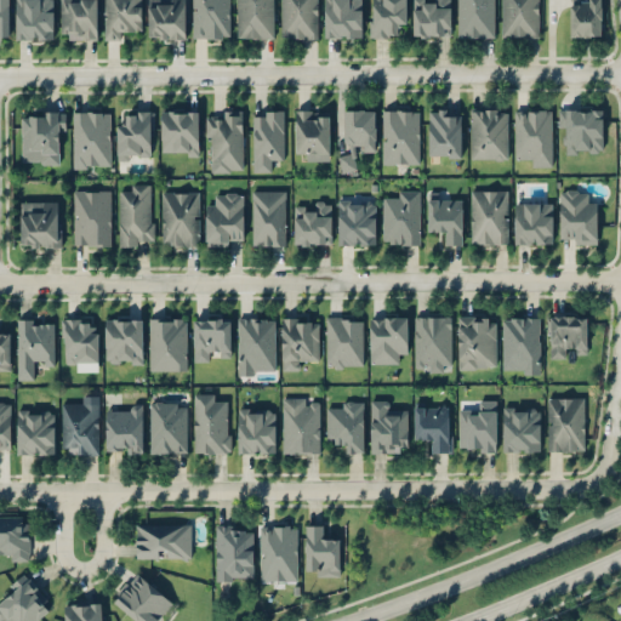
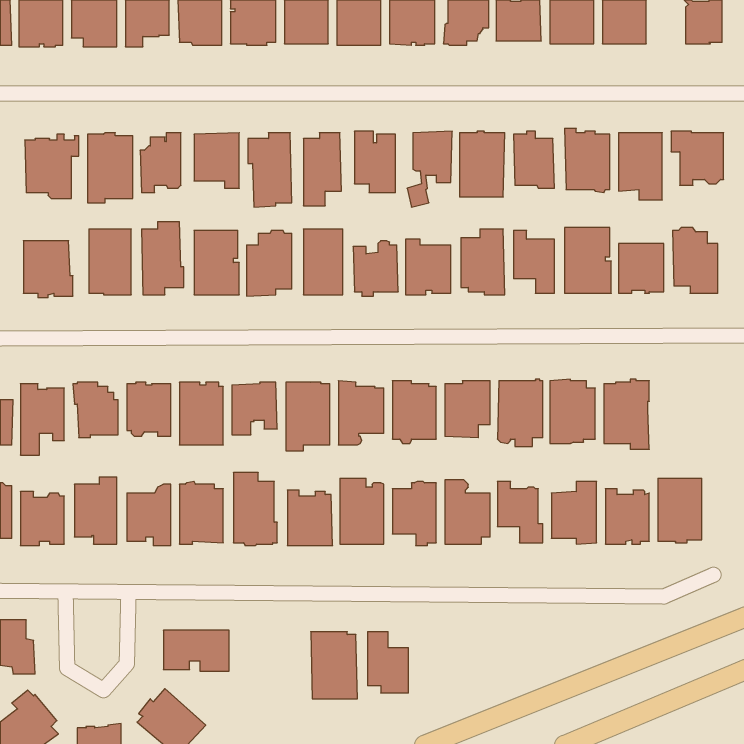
building: [548,315,588,359] -> none
building: [217,525,253,581] -> none

